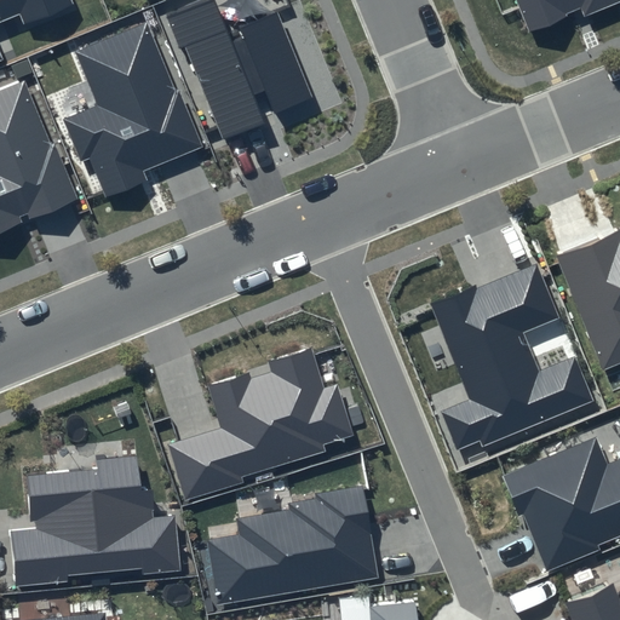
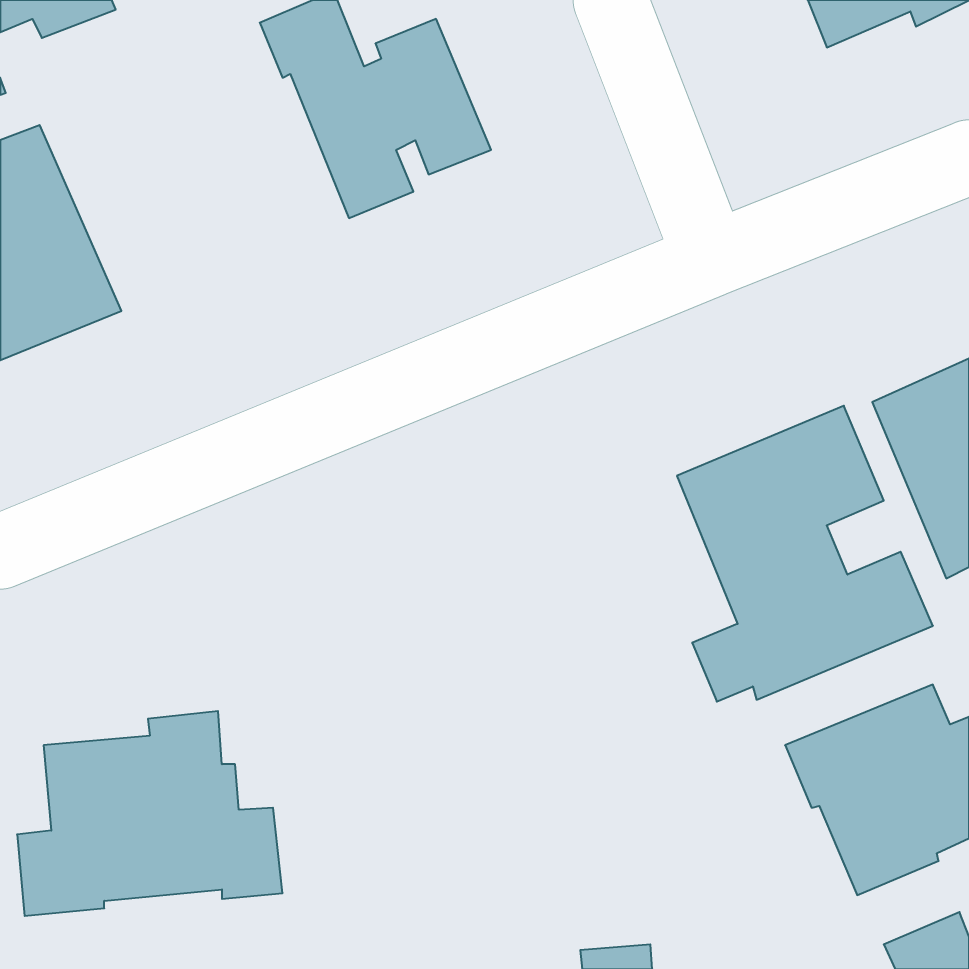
building: [63,22,203,197] -> none
building: [168,345,354,499] -> none
building: [207,486,378,604] -> none

